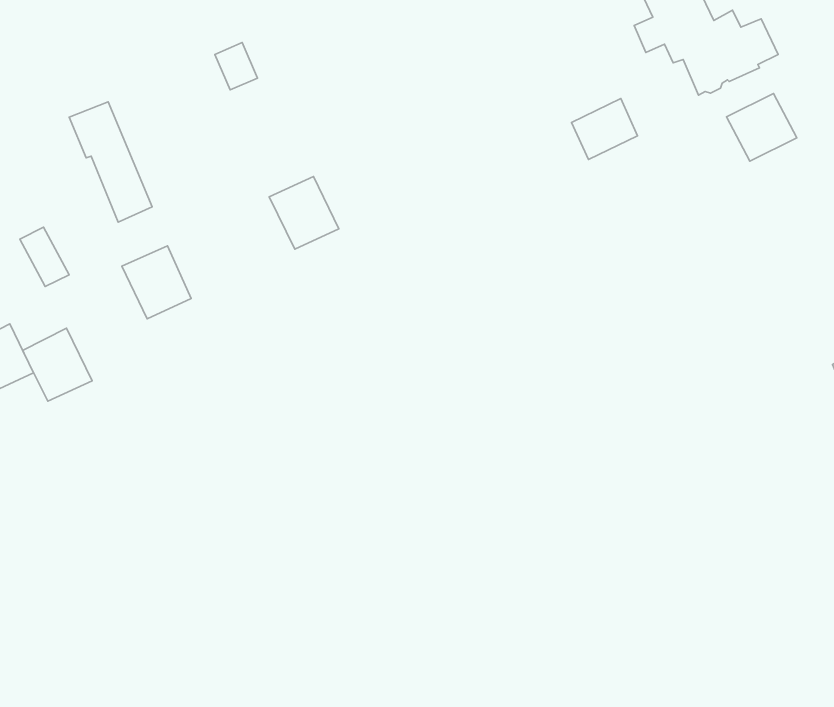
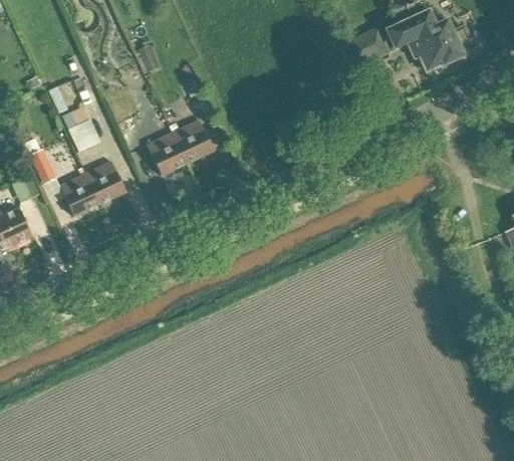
building: [727,93,797,161] -> none
building: [571,99,638,160] -> [346,30,386,66]
building: none -> [146,133,187,176]
building: [23,328,92,401] -> [58,174,99,217]

